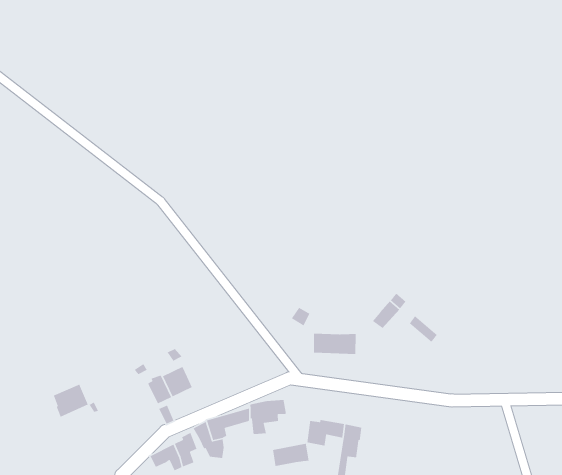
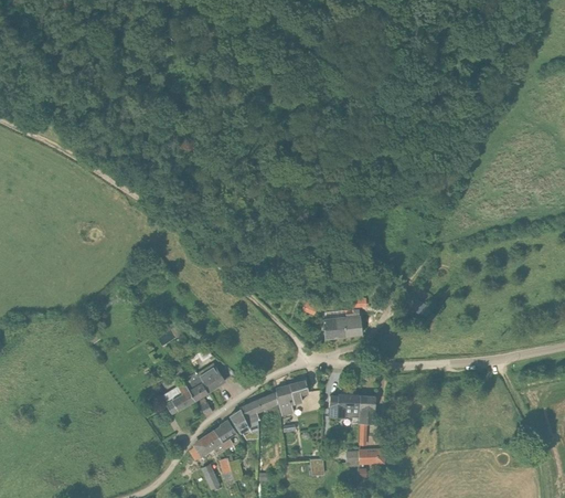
building: [53,383,89,418] -> [162,381,194,413]
building: [272,443,310,467] -> none

